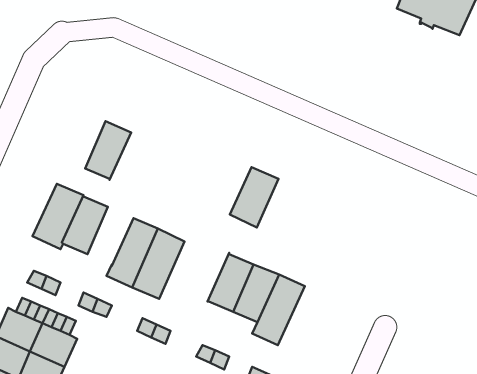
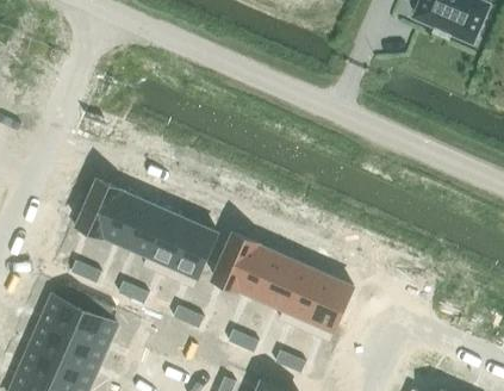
building: [85,121,131,180] -> [125,201,168,256]
building: [230,167,278,227] -> [212,234,257,290]
building: none -> [303,275,351,341]

